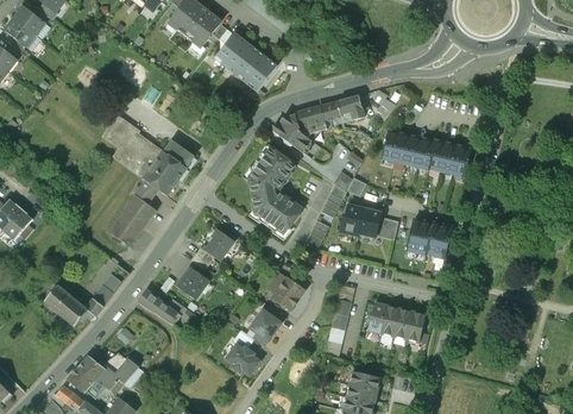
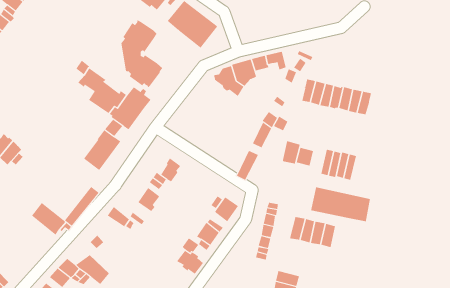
building: [247,149,301,234] -> [121,20,163,88]
building: [339,205,363,237] -> none
building: none -> [311,186,371,222]

